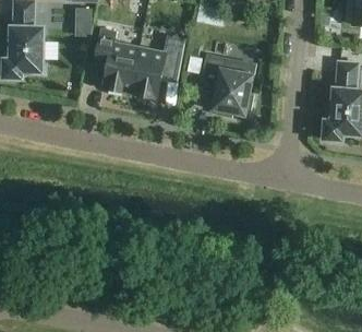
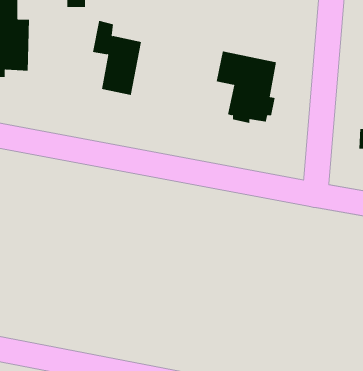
building: [130,36,183,98] -> none

